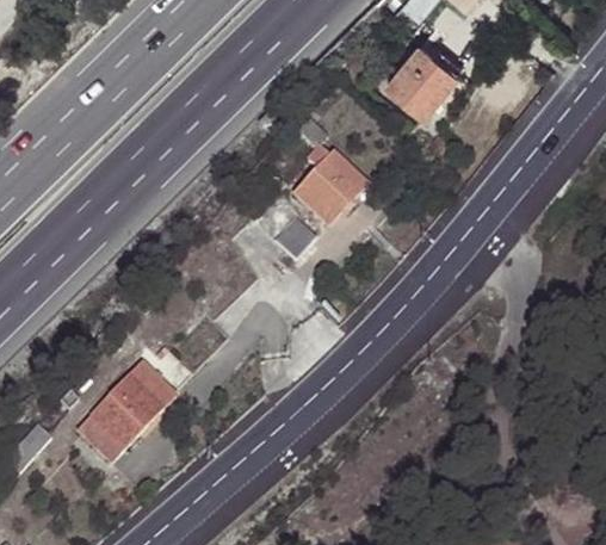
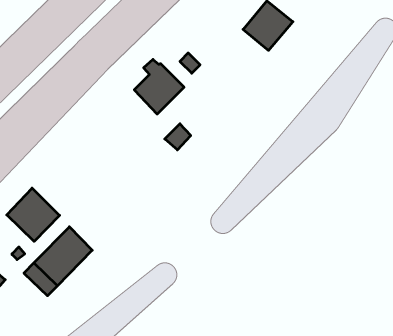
building: [295,147,365,224] -> [134,59,184,114]
building: none -> [7,188,60,241]

